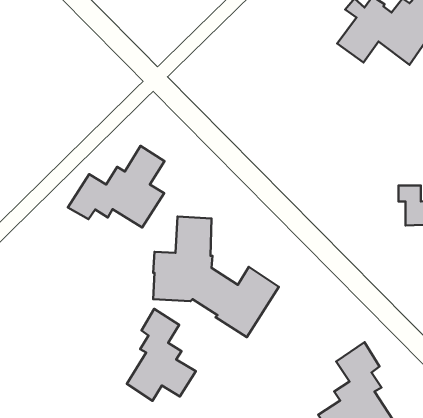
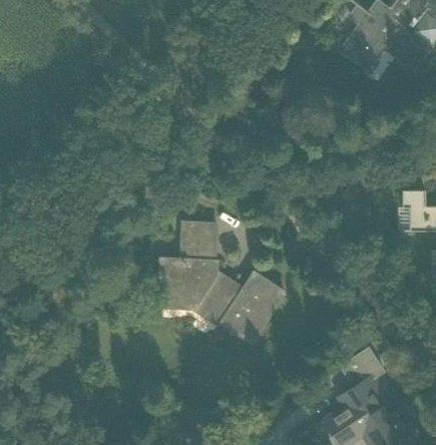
building: [68,146,164,228] -> none
building: [127,309,196,401] -> none

